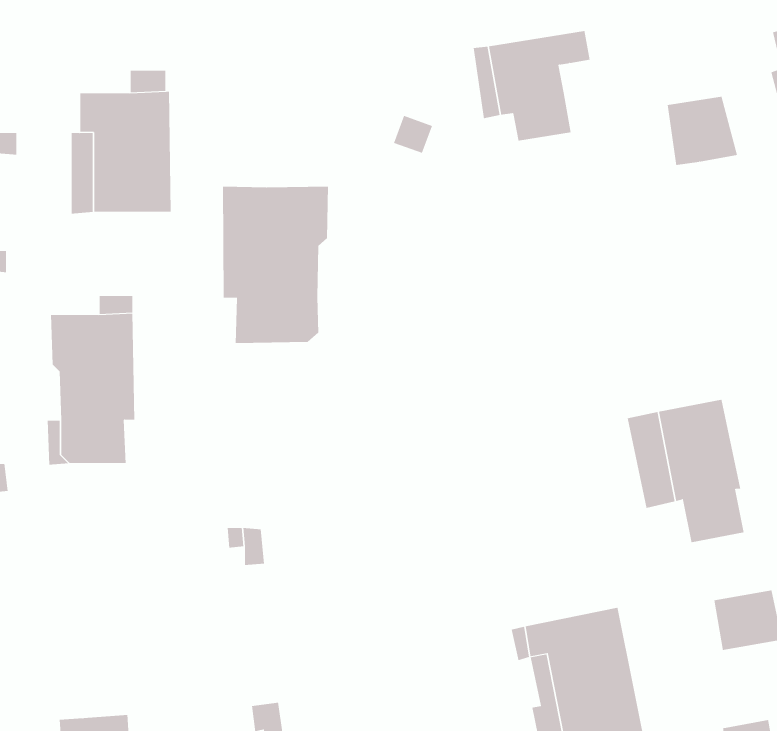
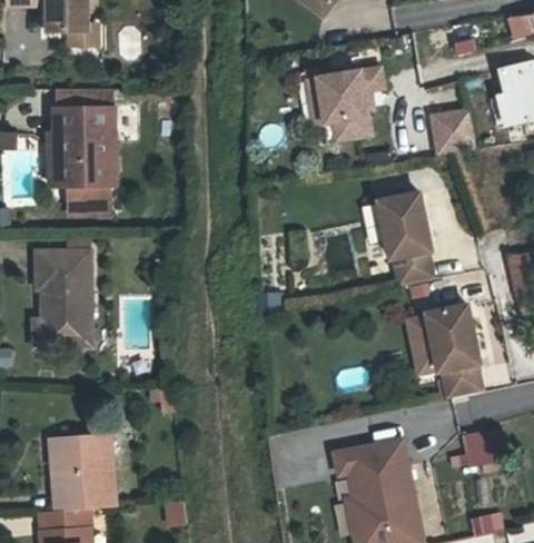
building: [222,186,328,344] -> none
building: none -> [68,184,110,214]
building: none -> [378,191,433,284]
building: none -> [51,435,112,509]

